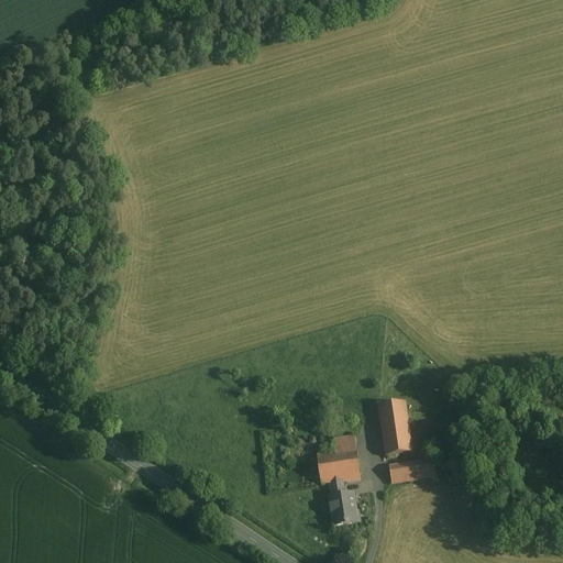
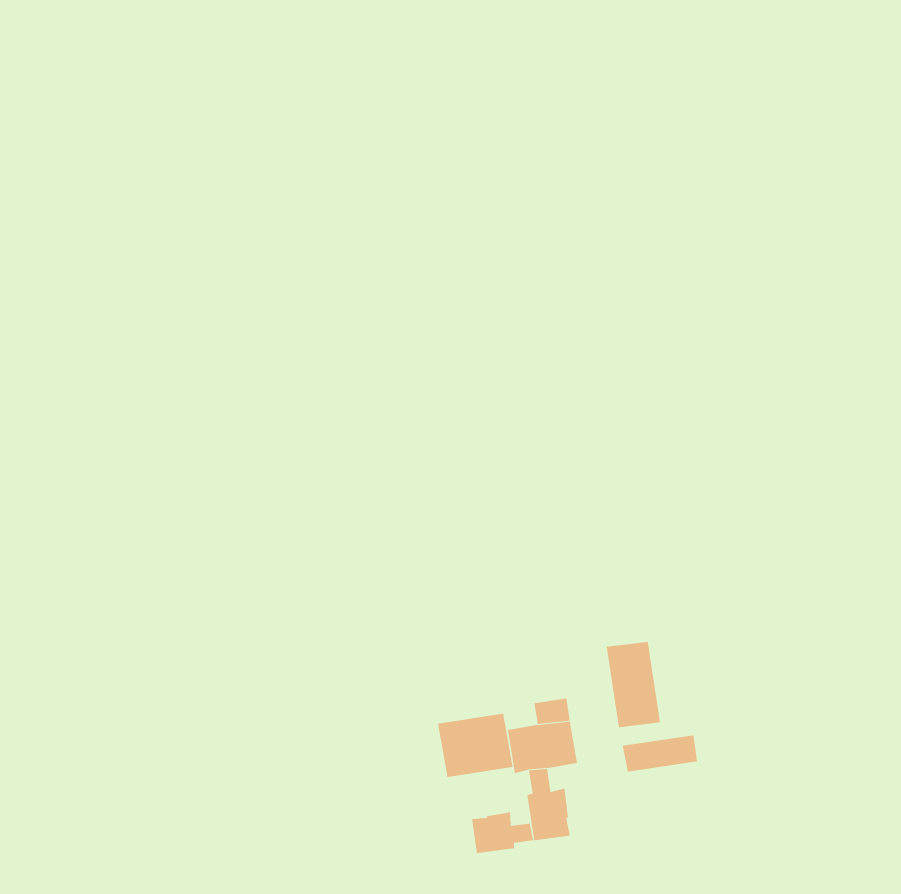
building: none -> [438,713,513,778]
building: none -> [471,811,534,854]

